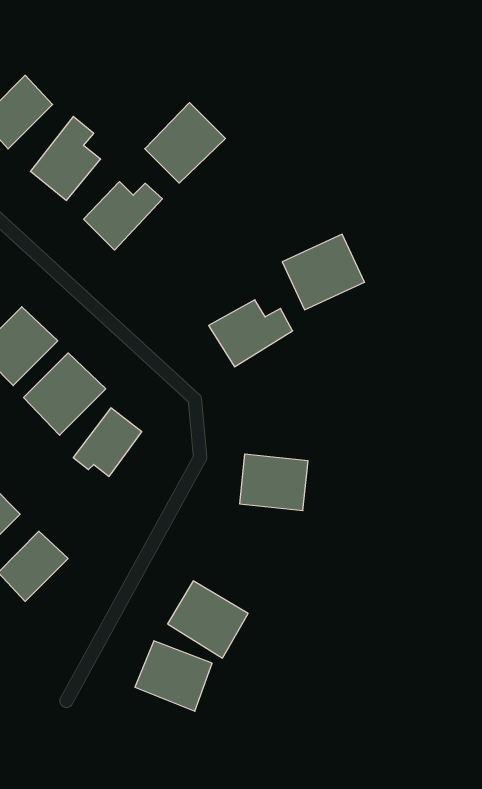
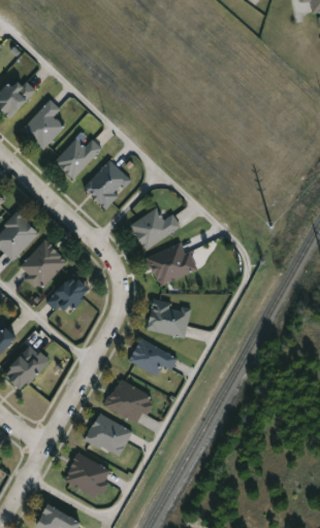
building: [145,103,225,183] -> [83,159,131,207]
building: [282,234,365,310] -> [147,241,196,287]
building: none -> [128,338,177,375]
building: none -> [63,453,111,497]

